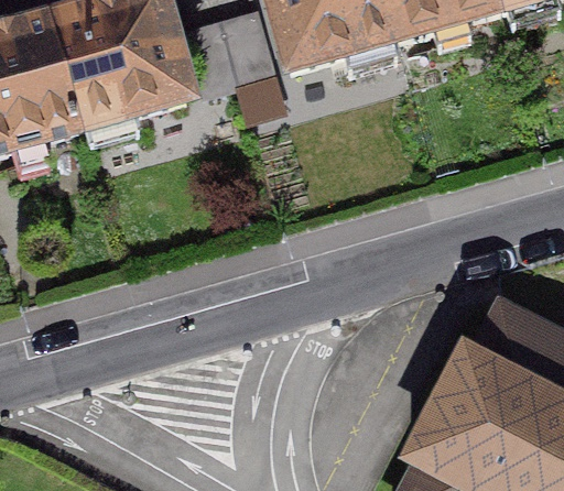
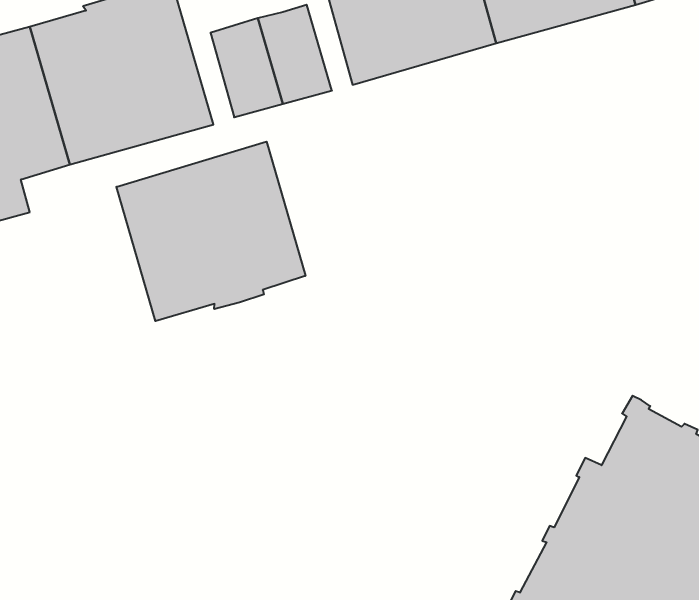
building: none -> [116,142,305,321]

